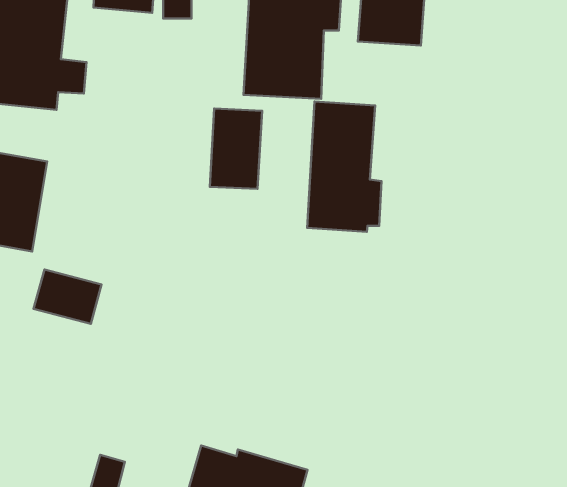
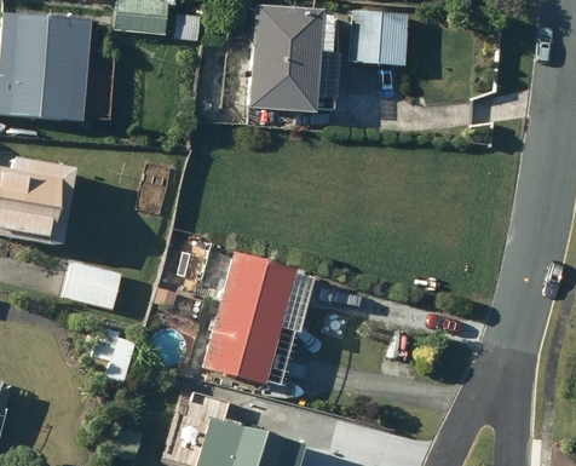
building: [307,101,382,232] -> none
building: [210,108,262,189] -> none
building: none -> [203,252,296,385]

